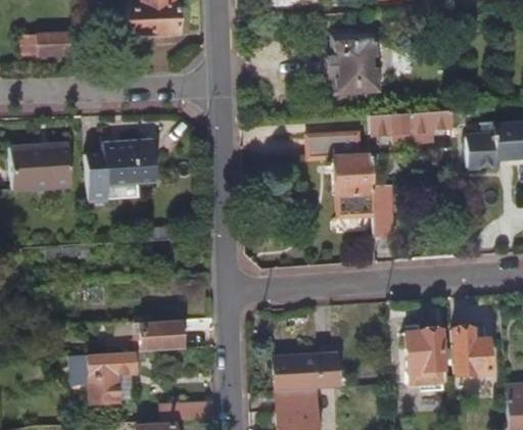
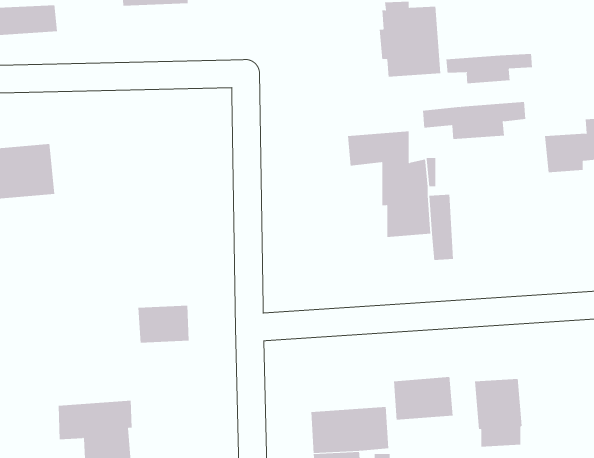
building: none -> [446,53,533,84]
building: [85,139,156,200] -> none
building: [138,320,180,350] -> [137,305,190,343]
building: [458,331,493,377] -> none
building: none -> [394,376,453,421]

